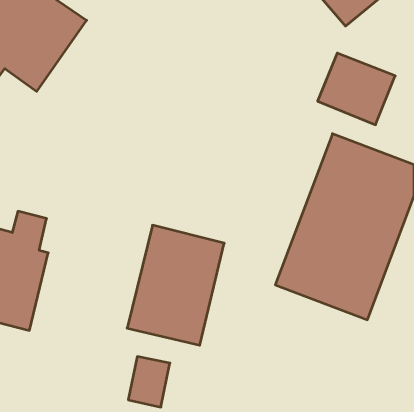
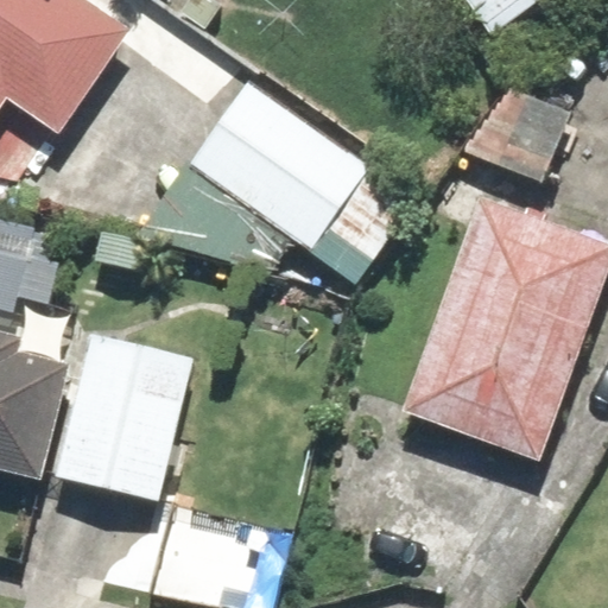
building: none -> [141,81,361,276]
building: [127,225,224,345] -> [56,329,197,504]

